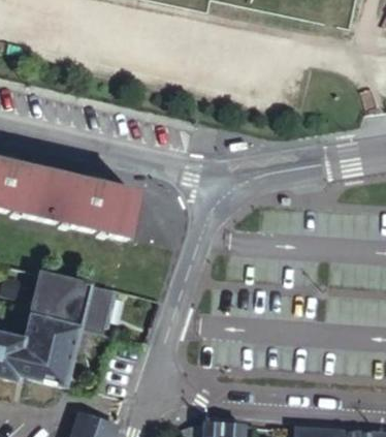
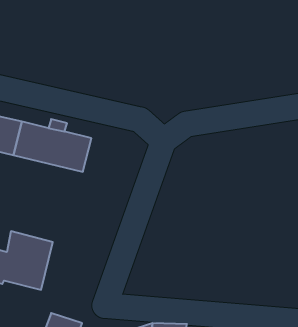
building: [31,270,111,330] -> none

